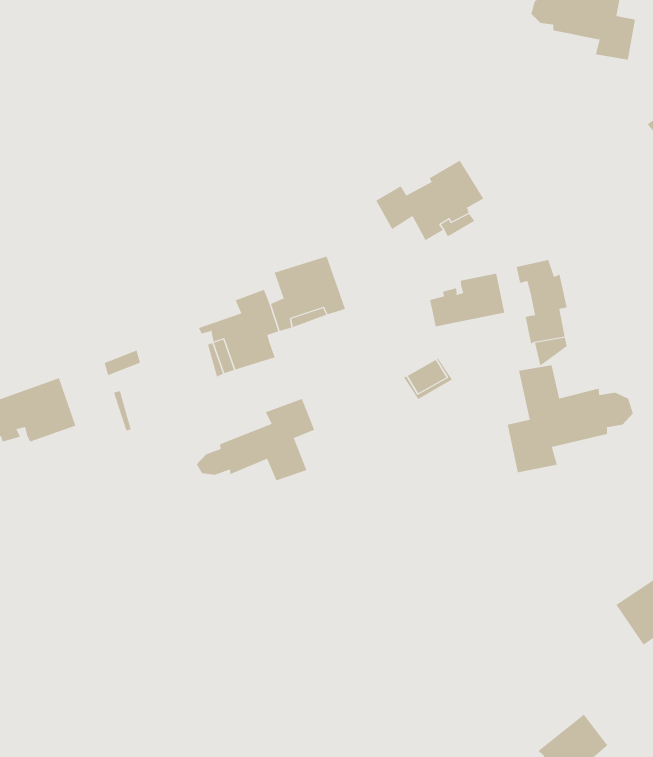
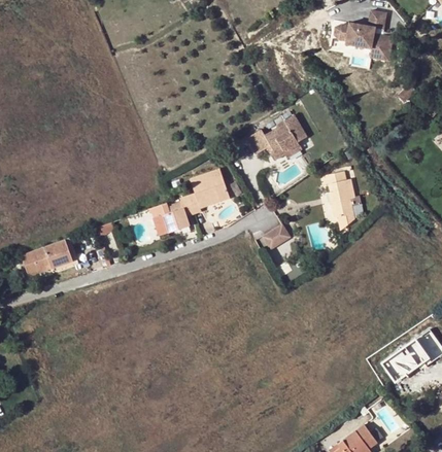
building: [429,273,505,327] -> none
building: [507,365,634,473] -> none
building: [196,398,315,481] -> none

